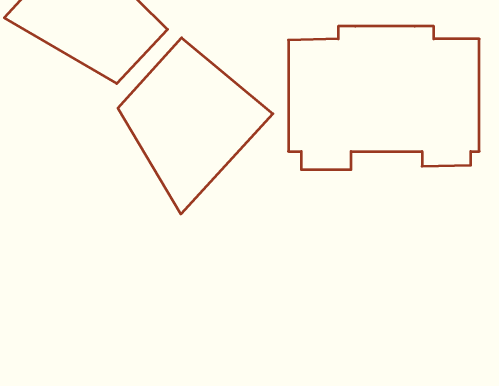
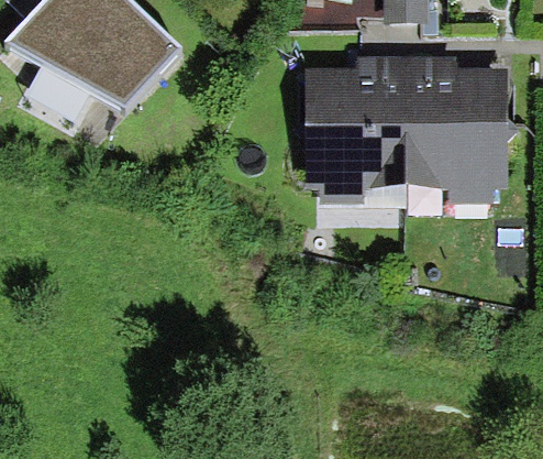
building: [118,38,273,214] -> none

